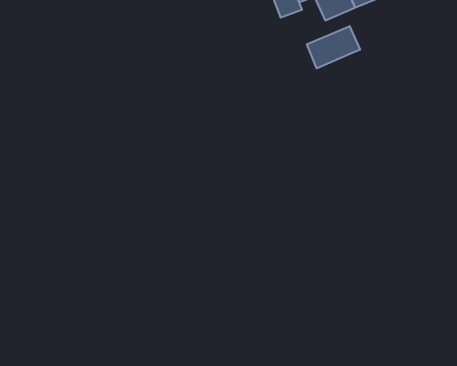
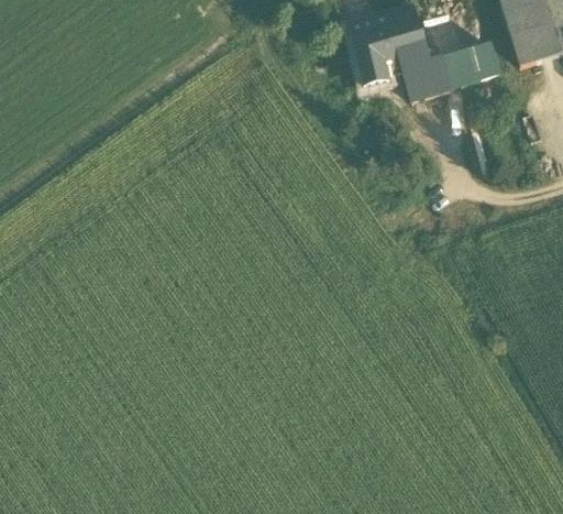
building: [307,26,360,68] -> none

